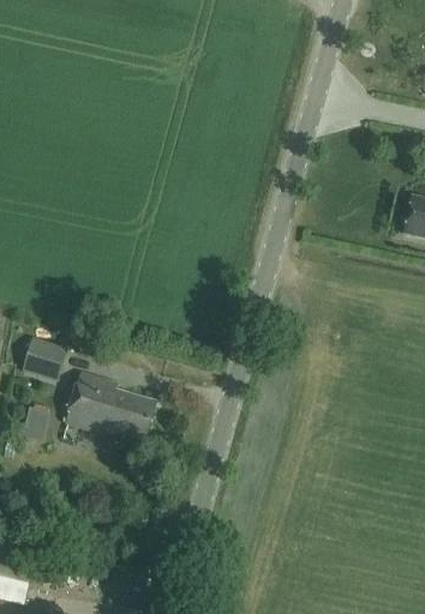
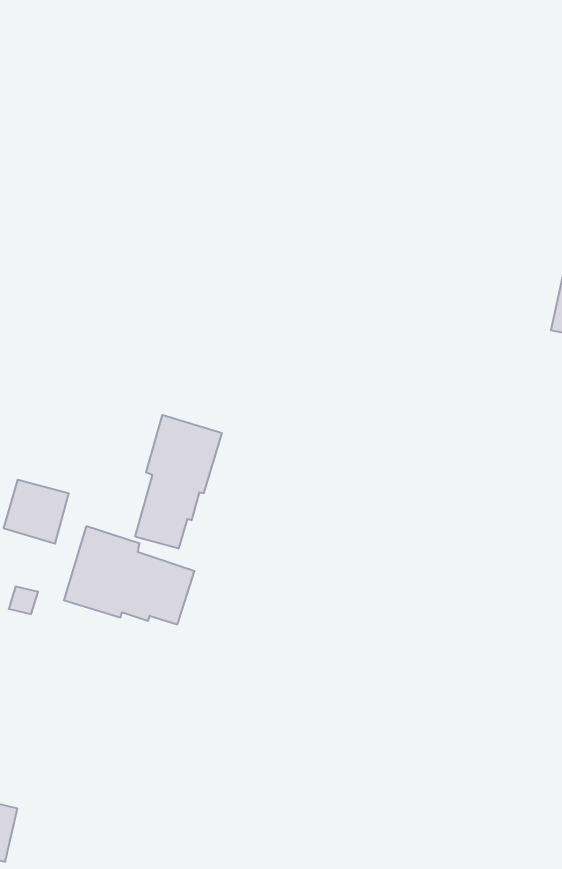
building: none -> [135,415,222,549]

